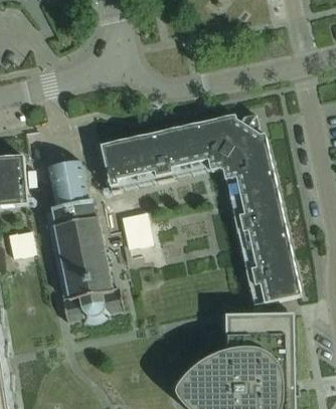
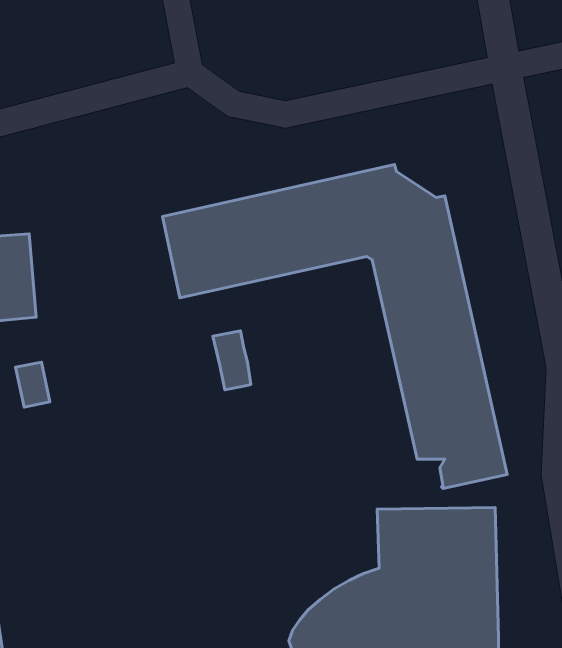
building: [45,160,124,322] -> none

